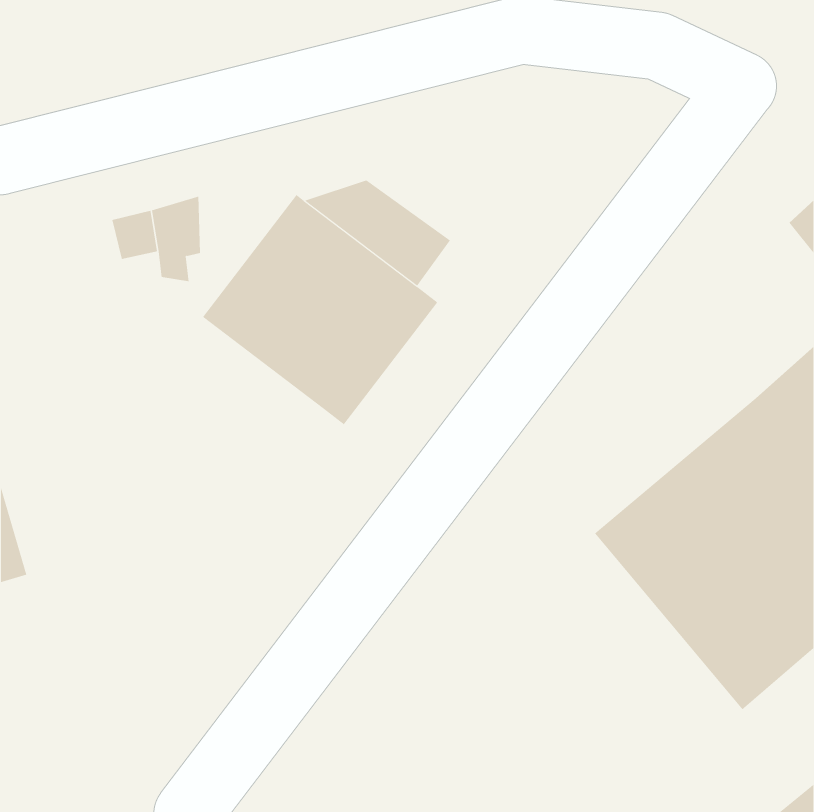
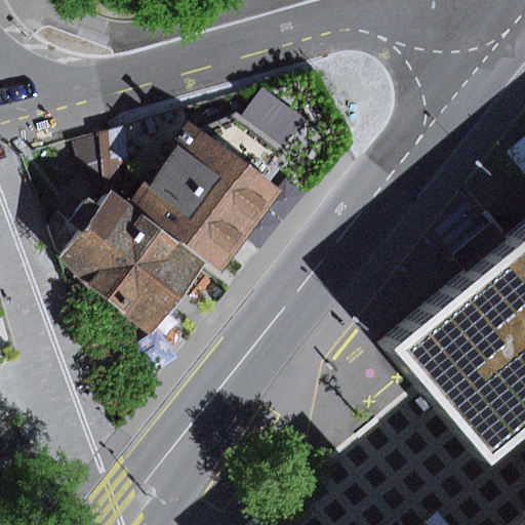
building: none -> [60,193,208,334]

